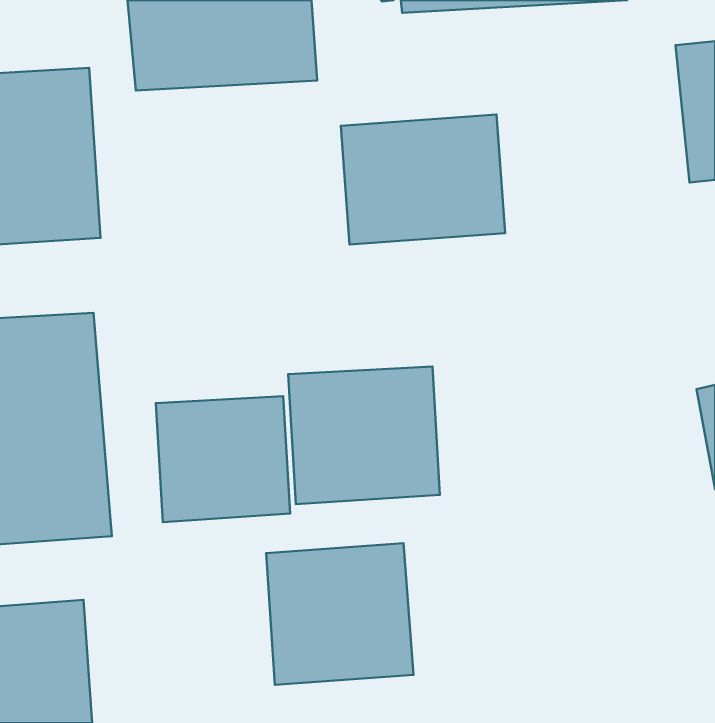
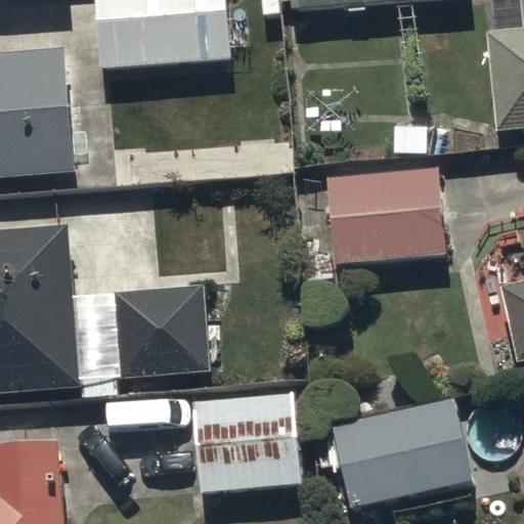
building: [341,114,505,245] -> [325,170,444,264]
building: [288,367,440,504] -> none
building: none -> [333,399,473,510]

